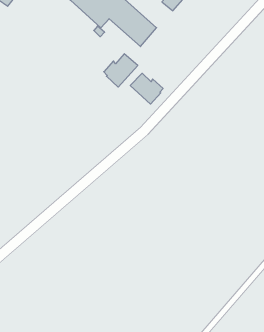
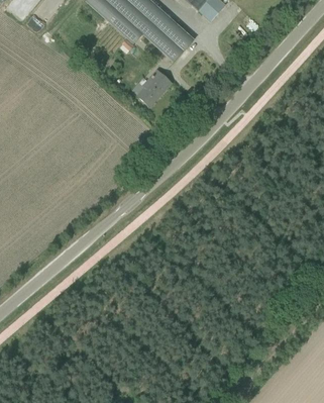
building: [130,73,163,104] -> none

